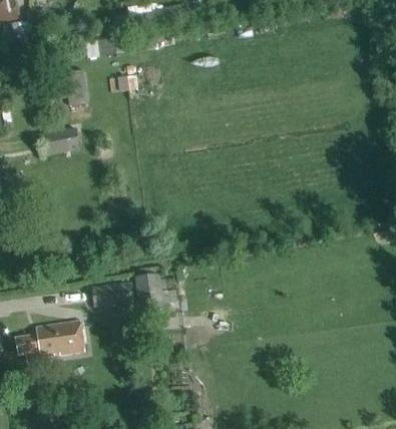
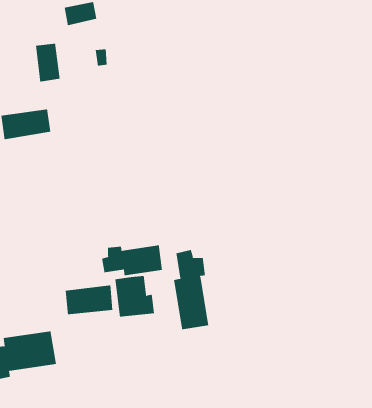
building: none -> [102,245,162,276]
building: none -> [174,249,209,330]

